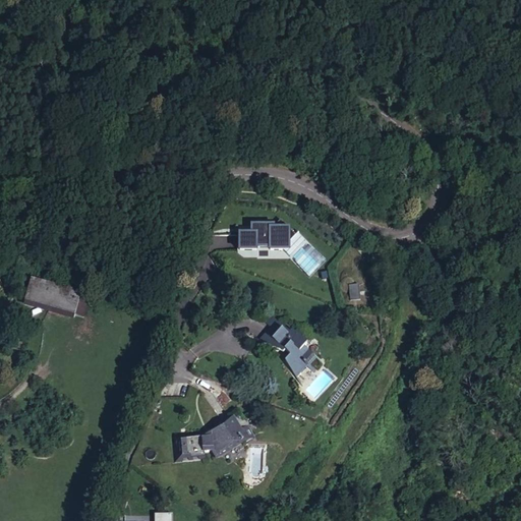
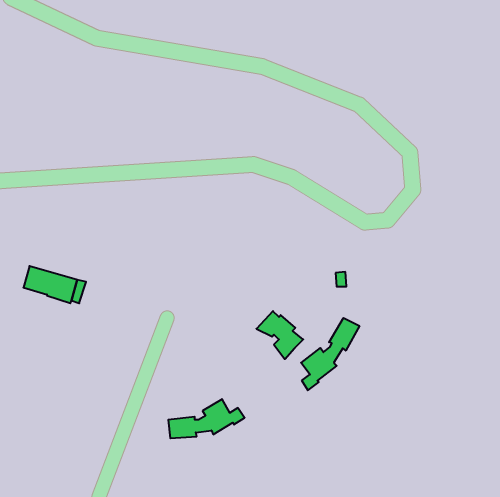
building: [239,225,292,250] -> none
building: none -> [301,318,359,390]

